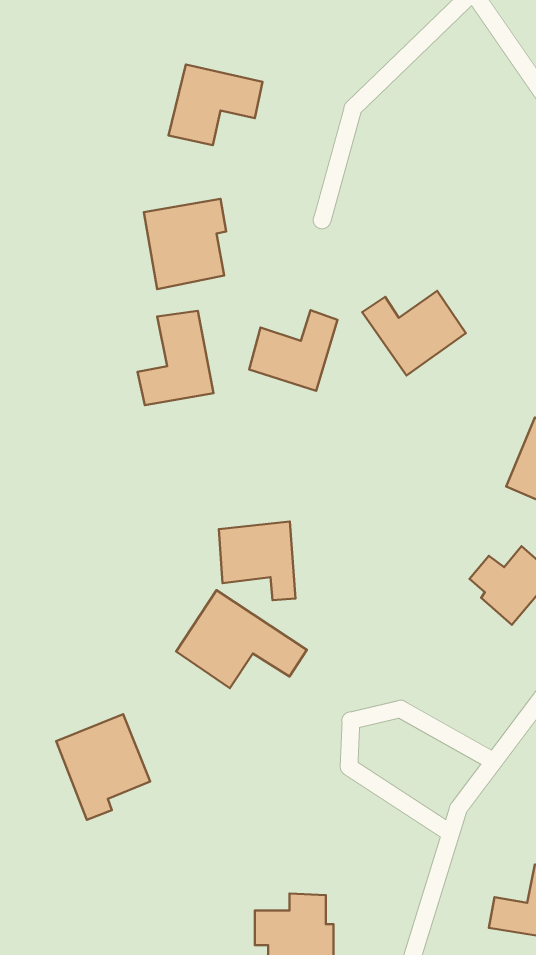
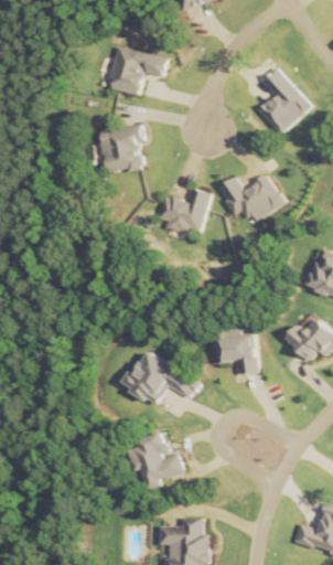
building: none -> [256,66,303,129]
building: [137,311,213,405] -> none
building: [219,522,295,600] -> [213,333,257,379]
building: [56,714,150,820] -> [129,437,183,498]

